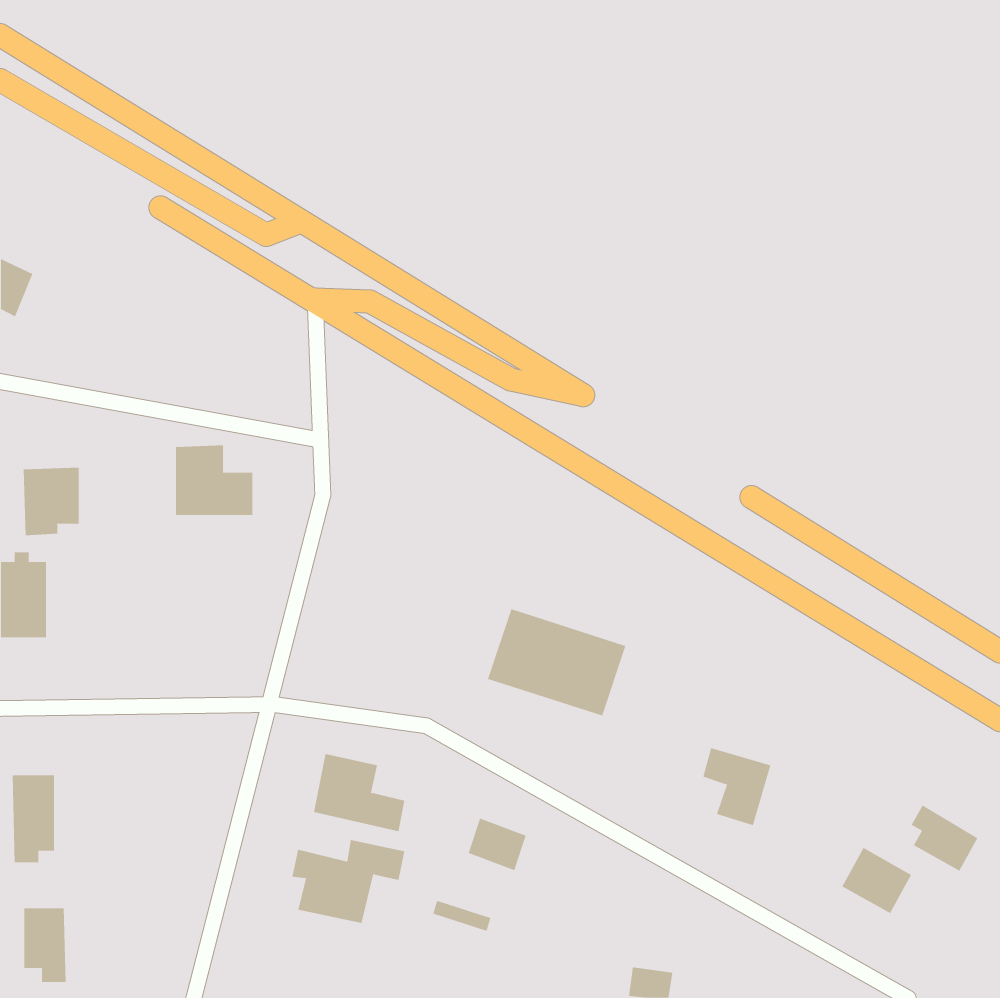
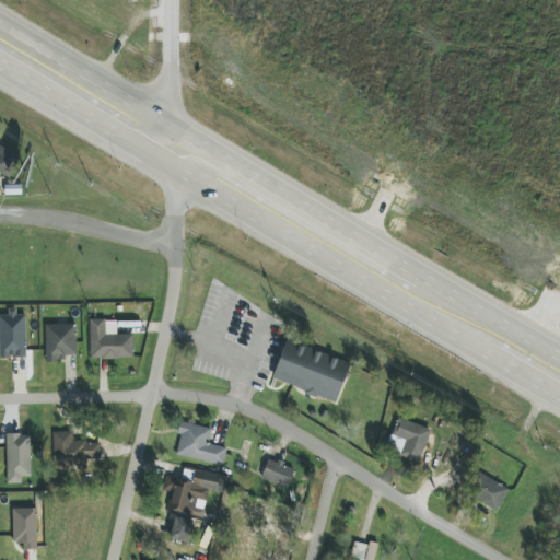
building: [175,445,253,515] -> [90,318,133,358]
building: [23,467,80,536] -> [45,323,77,361]
building: none -> [54,431,101,467]
building: [911,804,978,871] -> none
building: none -> [168,517,191,541]

